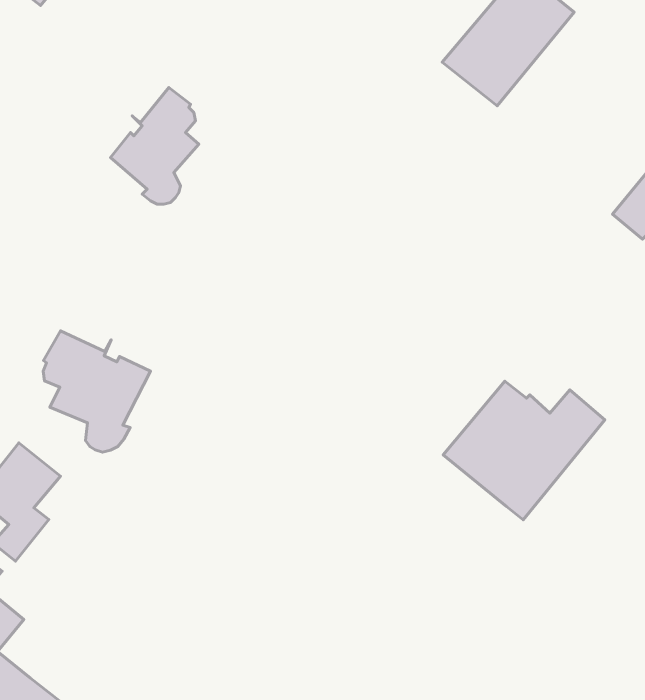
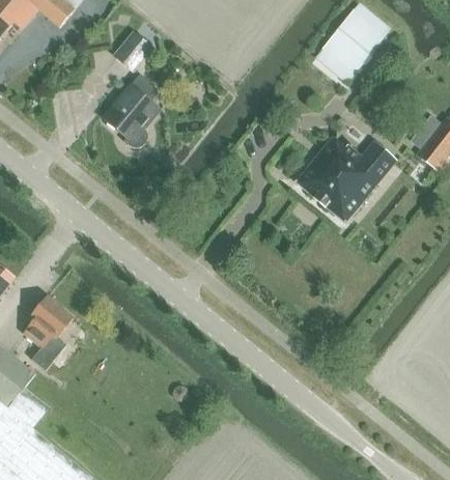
building: none -> [115,34,150,72]
building: [43,331,151,452] -> none
building: [443,381,605,520] -> [294,136,395,222]

